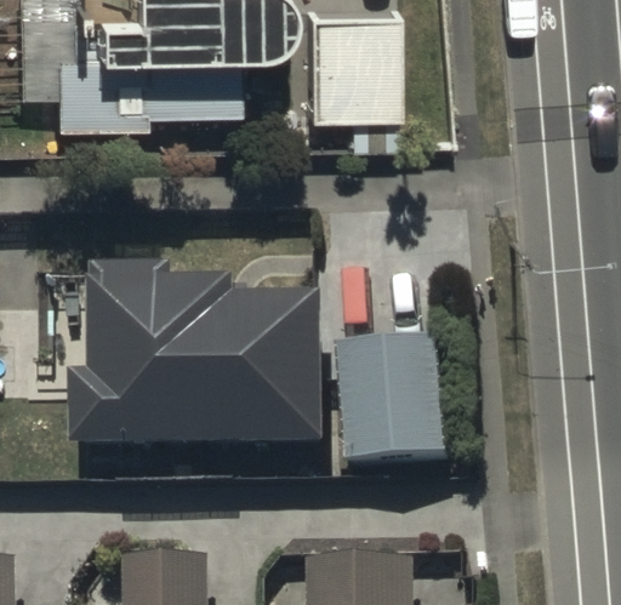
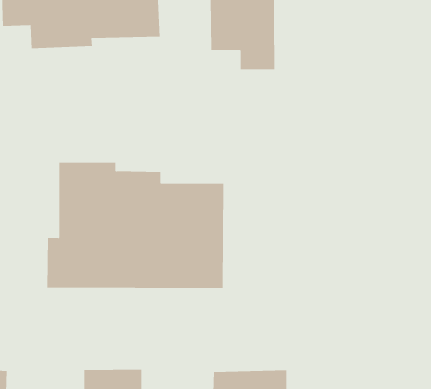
building: [335,333,443,456] -> none

